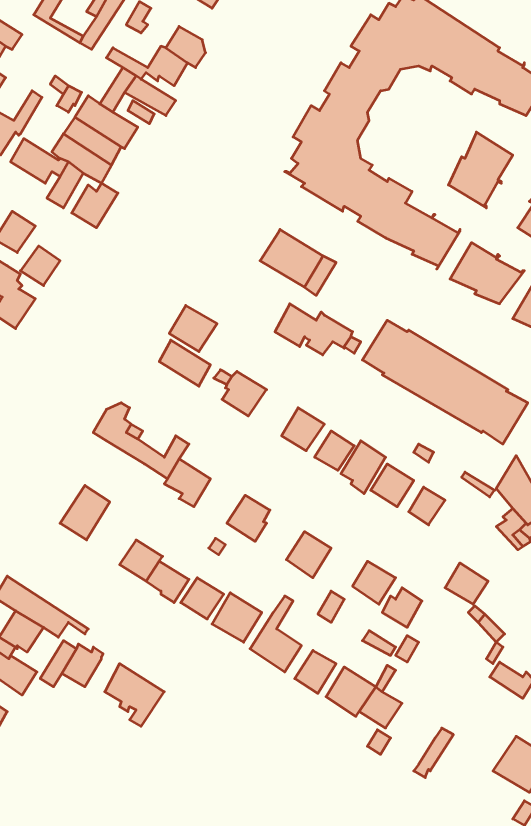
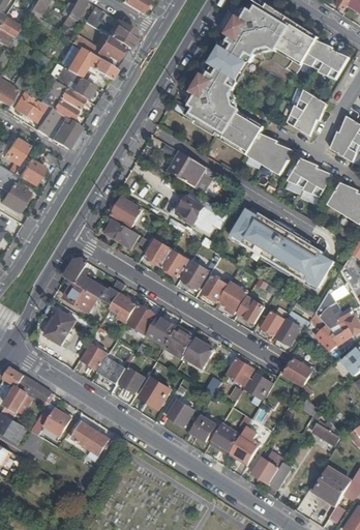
building: none -> [160,251,190,277]
building: none -> [62,283,95,312]
building: none -> [126,305,156,335]
building: none -> [276,313,308,346]
building: none -> [163,330,194,357]
building: none -> [250,458,277,485]

